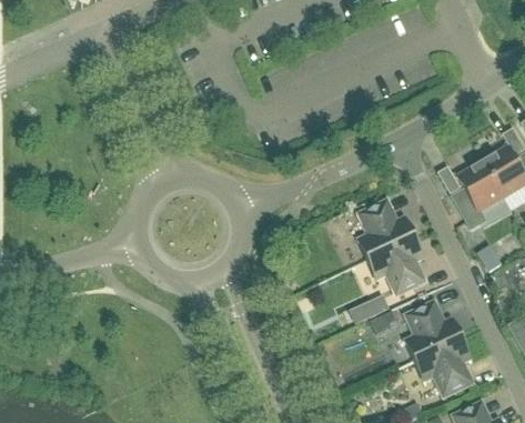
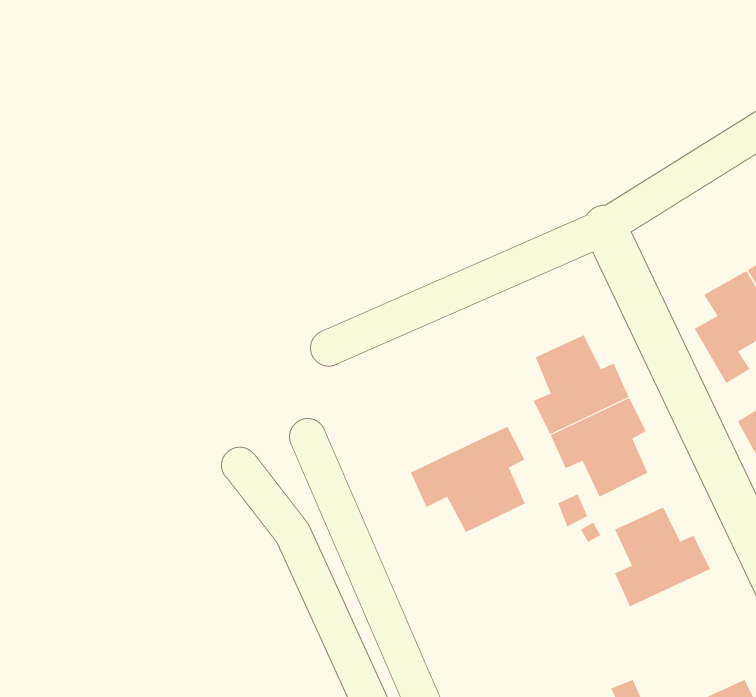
building: none -> [410,426,526,533]
building: [414,338,473,396] -> none

